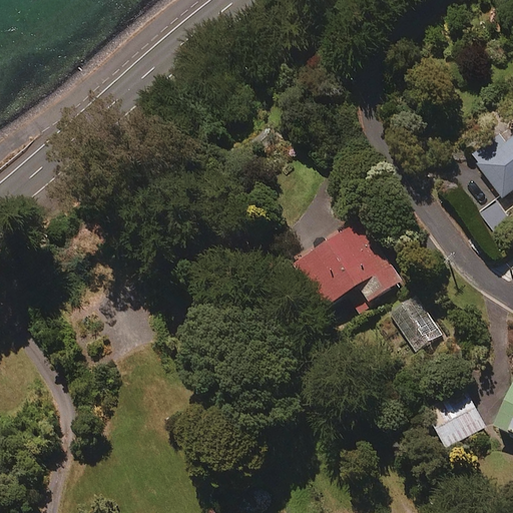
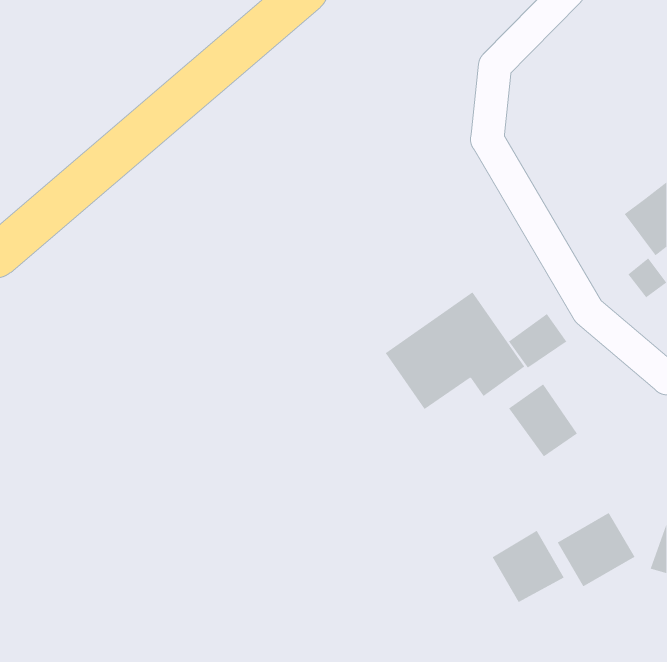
building: none -> [508,313,567,368]
building: none -> [492,530,564,603]

